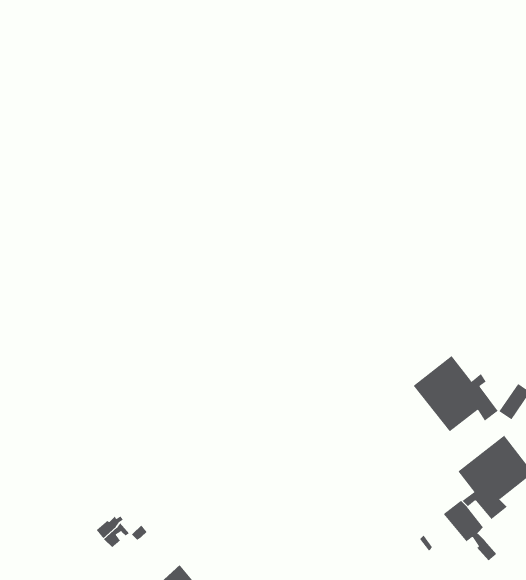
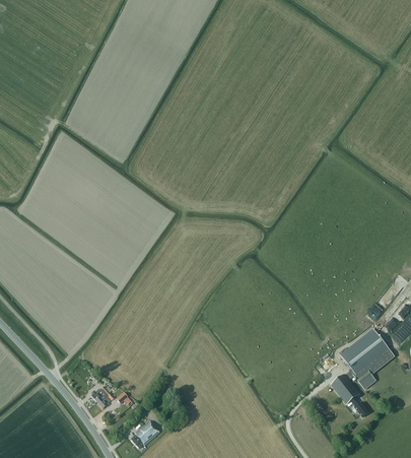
building: [413,355,499,432] -> none

